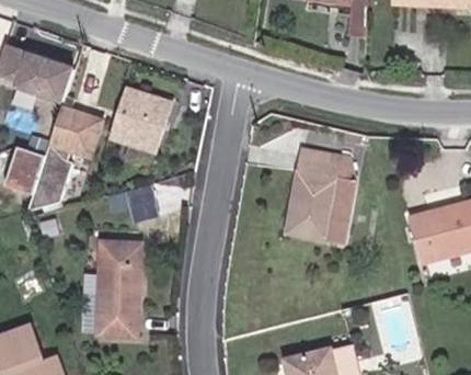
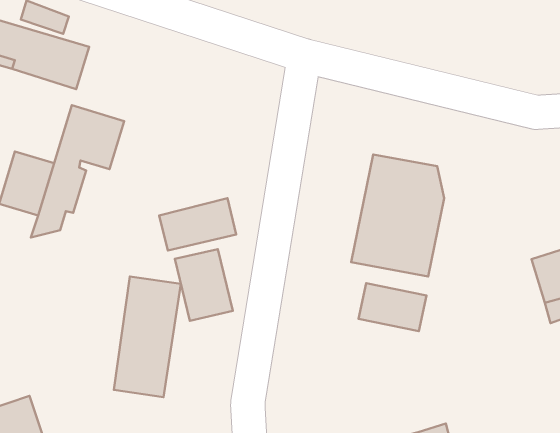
building: [113,83,175,147] -> none
building: none -> [175,249,233,321]
building: none -> [358,283,427,331]

